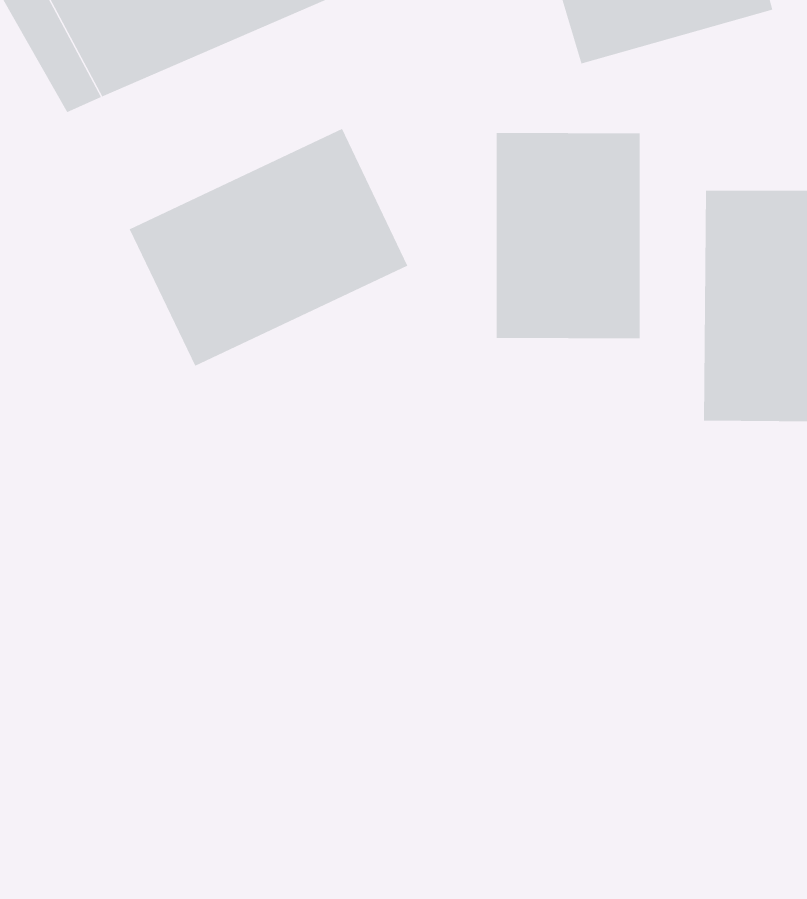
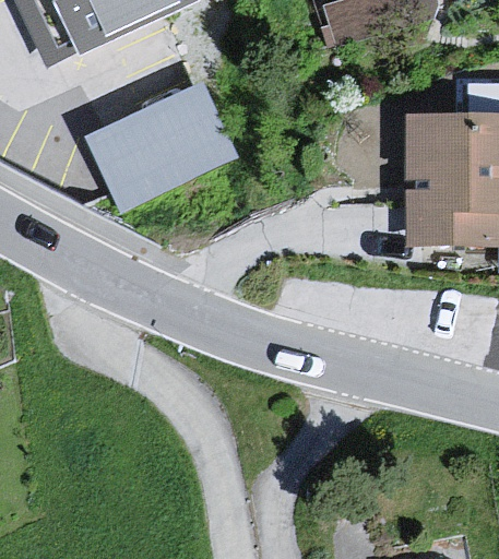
building: [496,132,640,339] -> none

